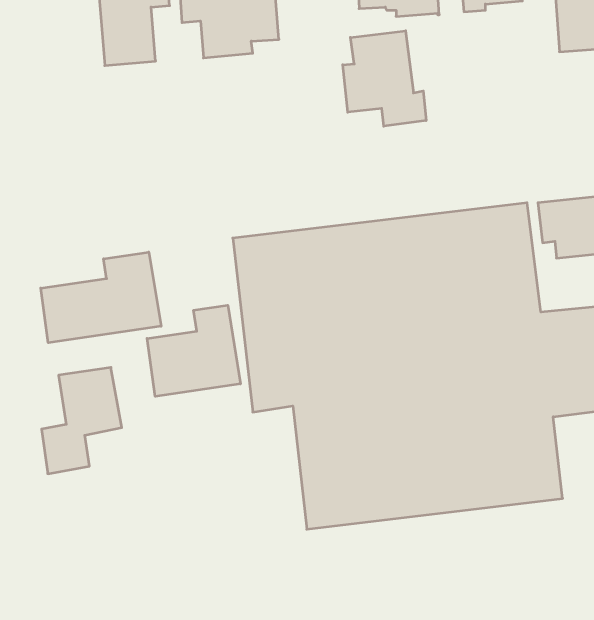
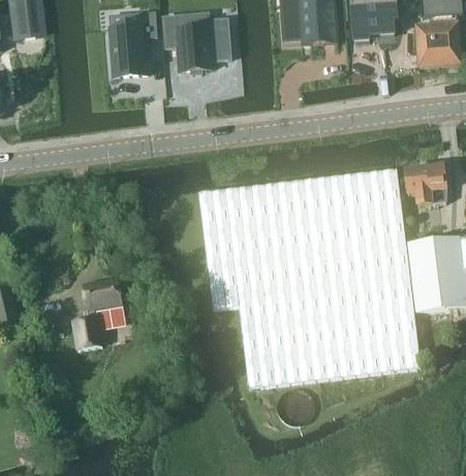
building: [343,31,426,126] -> none
building: [41,252,161,343] -> none
building: [147,305,240,396] -> none

